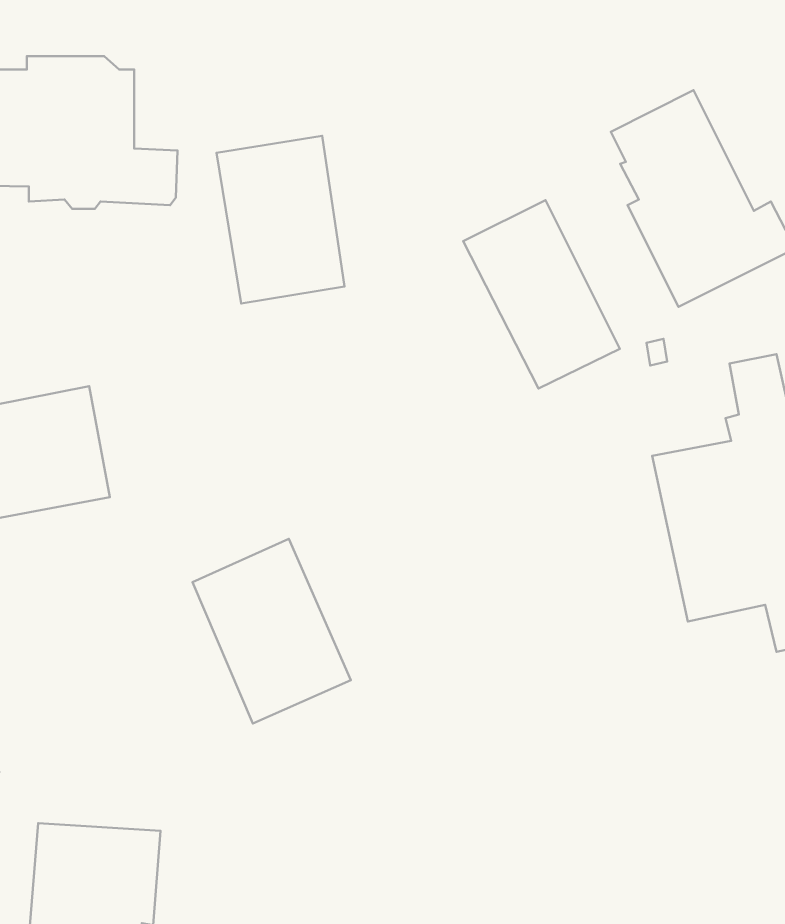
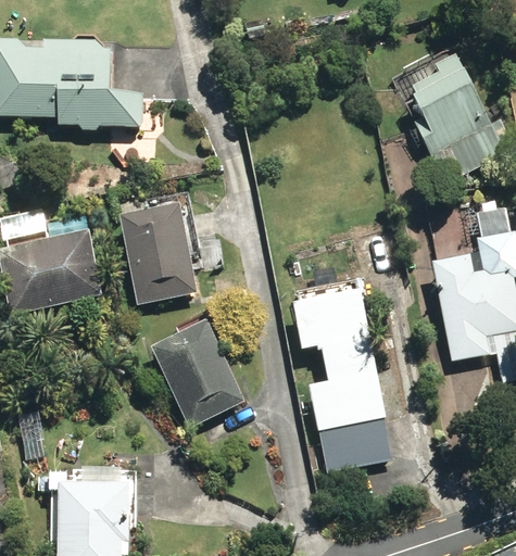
building: [217,136,345,304] -> [123,202,197,299]
building: [463,200,620,388] -> none
building: none -> [295,290,389,470]

